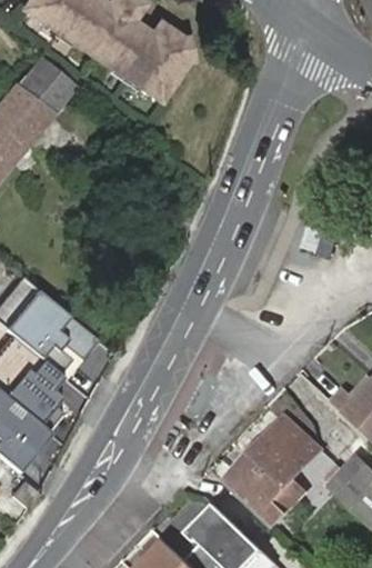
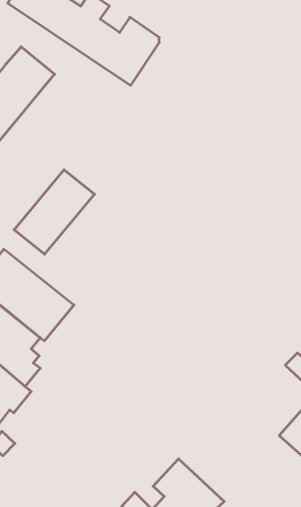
building: none -> [14,170,95,254]
building: [222,417,320,526] -> none

